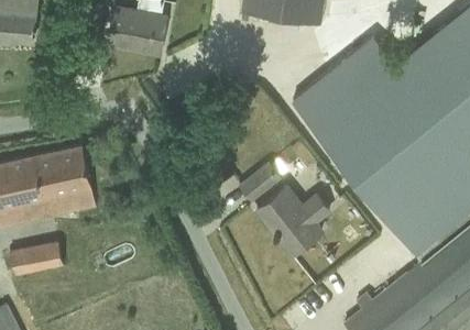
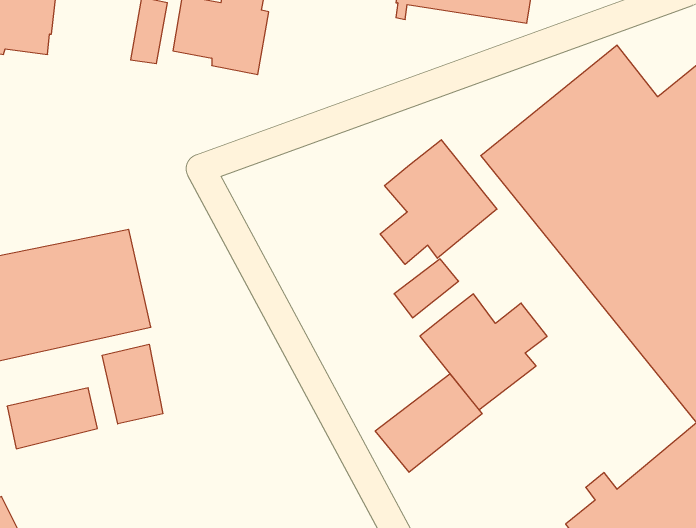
building: none -> [380,140,497,264]
building: none -> [102,344,163,424]
building: none -> [375,374,482,472]

